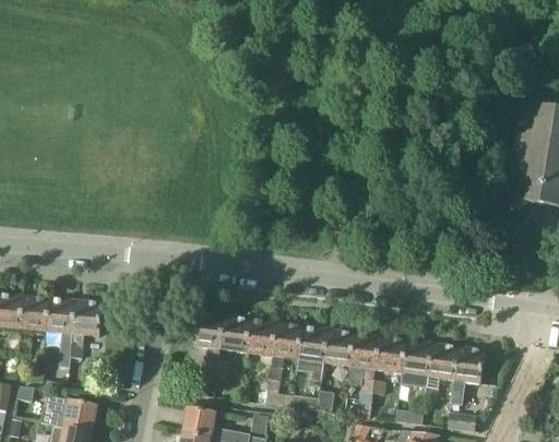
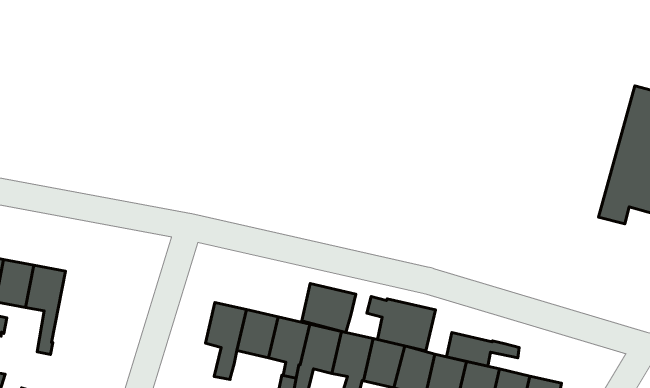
building: none -> [302,284,356,332]
building: none -> [367,296,435,351]
building: [70,300,103,360] -> none
building: none -> [446,333,519,366]

